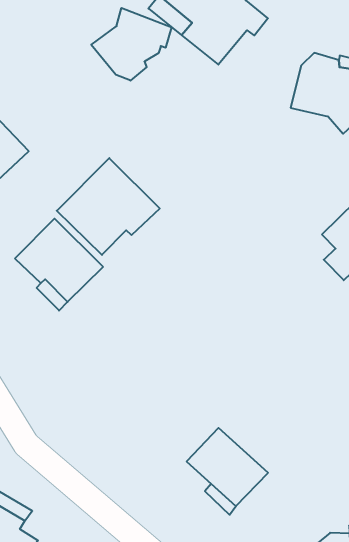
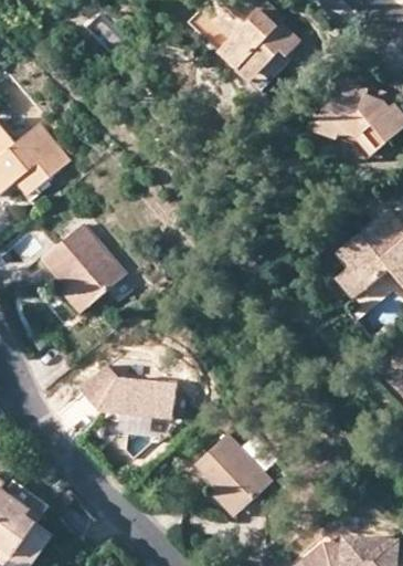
building: [91,8,171,81] -> none
building: [57,158,160,255] -> none
building: none -> [79,366,174,421]

